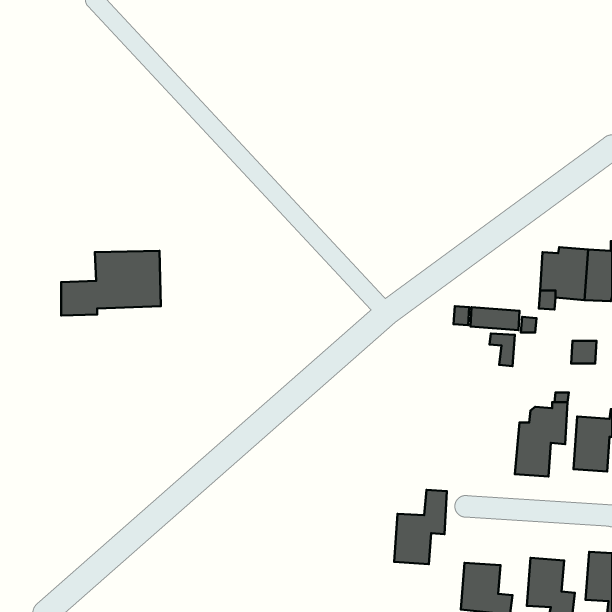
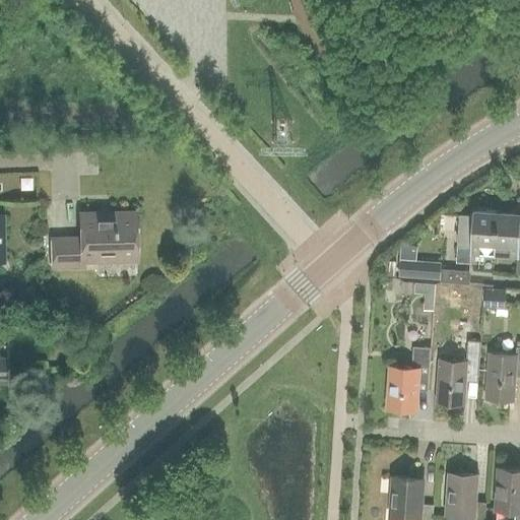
building: [394,490,447,564] -> [386,346,431,409]

